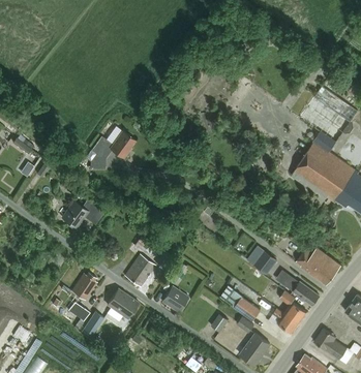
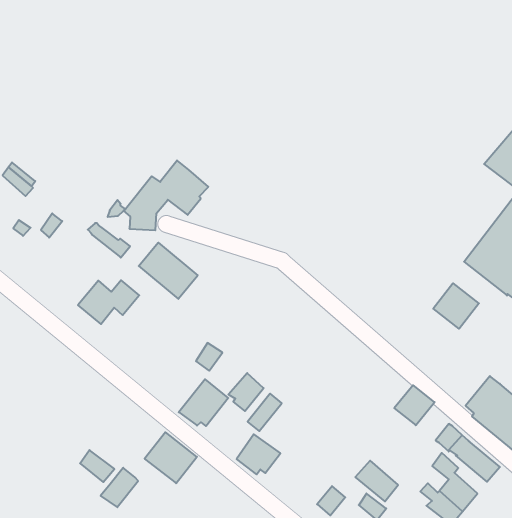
building: none -> [139,243,198,299]
building: none -> [433,283,479,329]
building: [71,272,97,300] -> none

